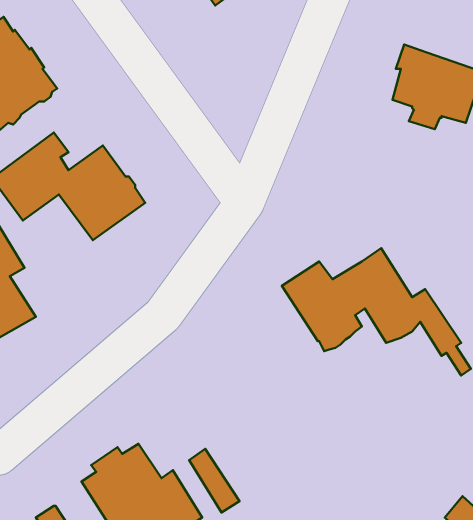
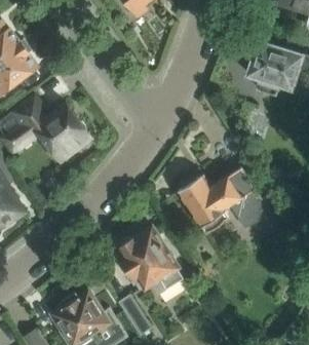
building: none -> [119,229,183,293]

